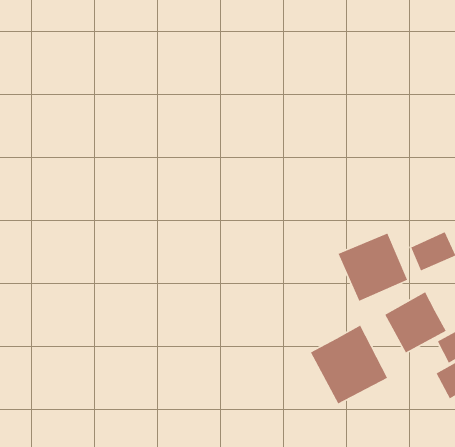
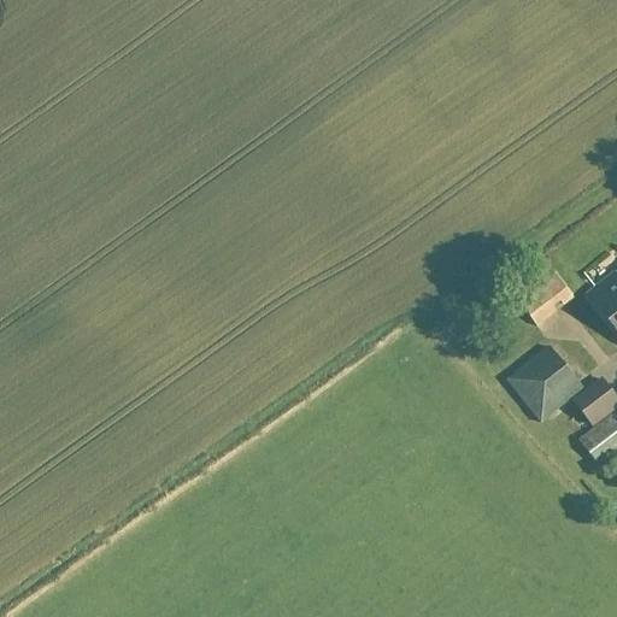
building: [337,233,408,302] -> none
building: [310,325,388,404] -> none

